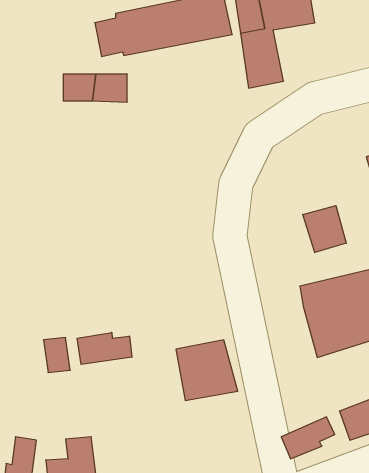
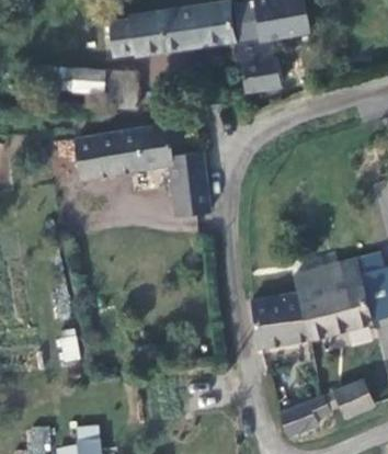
building: none -> [73,127,213,217]
building: [303,206,346,253] -> none
building: [77,332,132,364] -> none
building: [176,340,238,401] -> [253,295,311,352]

